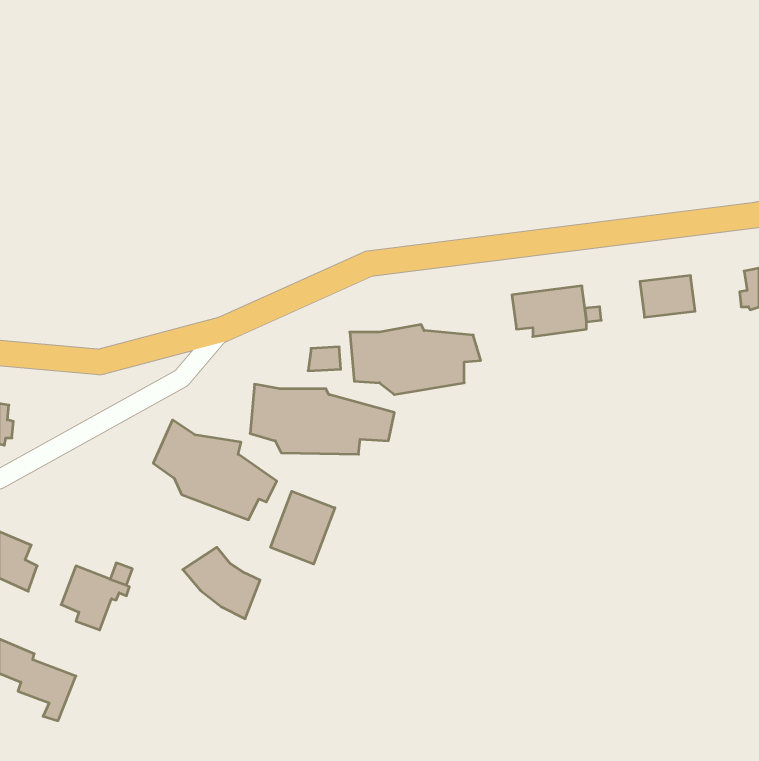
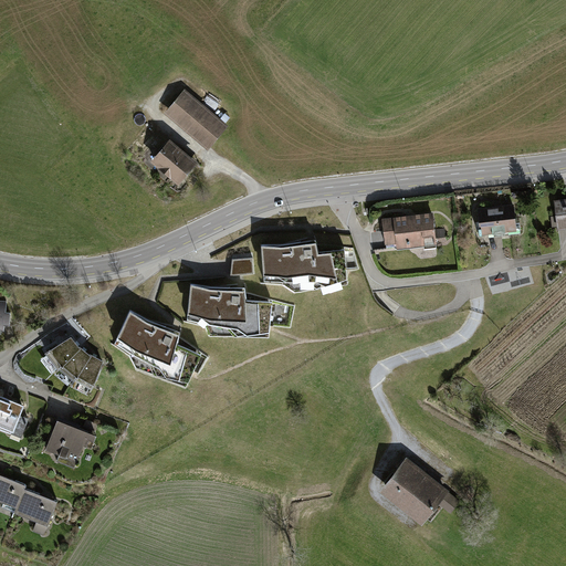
building: none -> [164,90,227,149]
building: none -> [148,139,197,186]
building: [271,491,335,564] -> none
building: [183,547,260,619] -> [45,336,103,389]
building: none -> [378,458,460,526]

